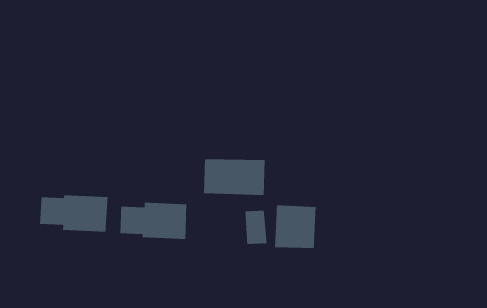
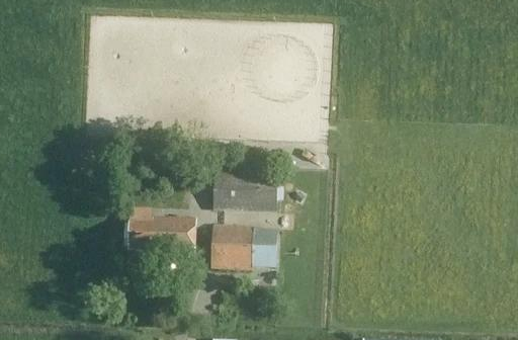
building: [39,194,108,233] -> none
building: [274,205,316,249] -> [209,225,252,269]

